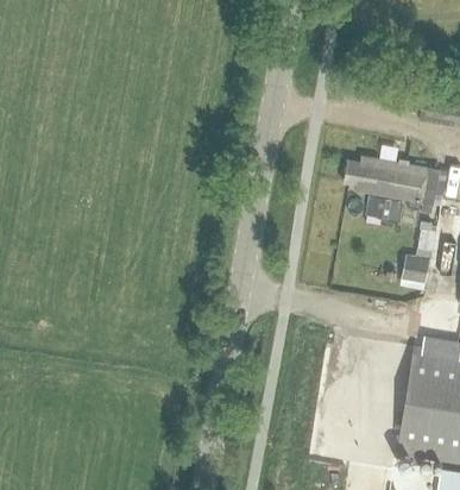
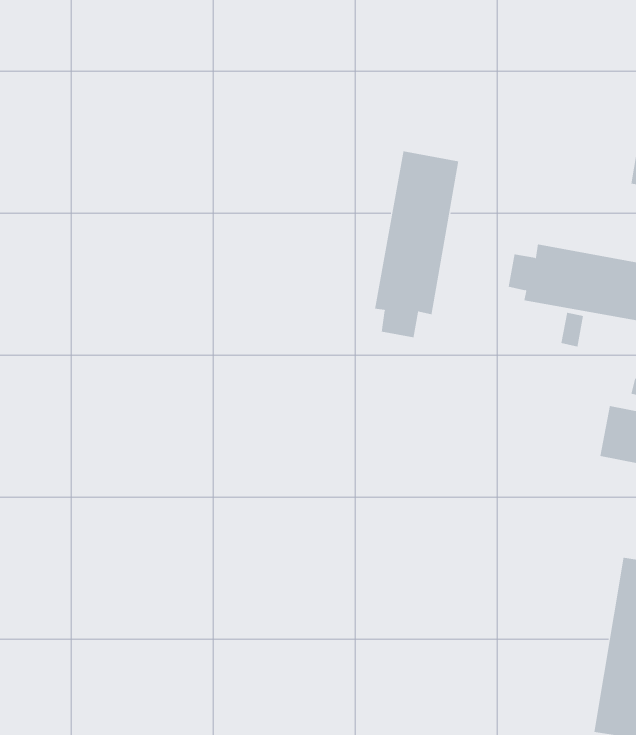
building: none -> [375,150,459,338]

